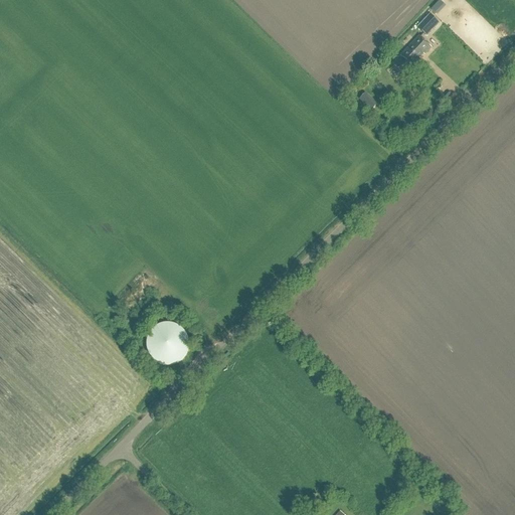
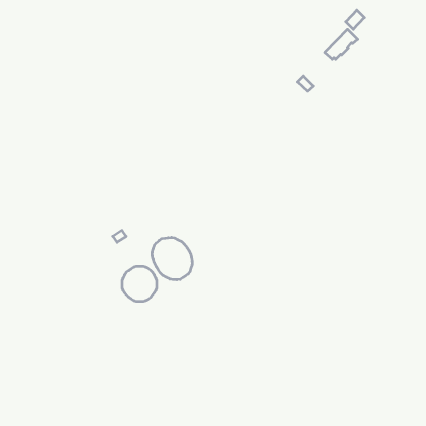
building: none -> [153,237,192,280]

